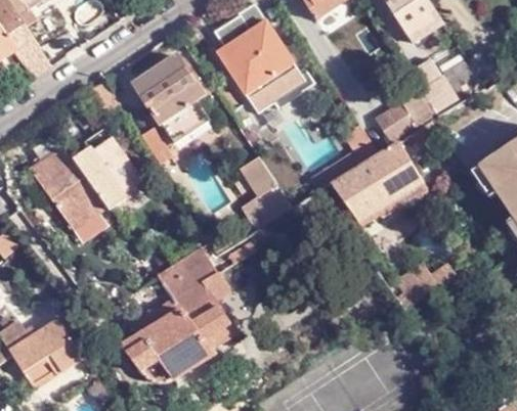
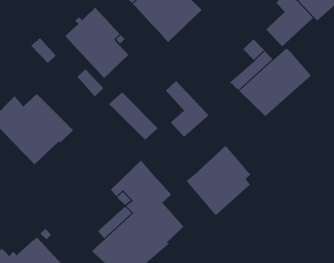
building: [85,128,140,191] -> [108,92,158,141]
building: none -> [186,145,252,216]

